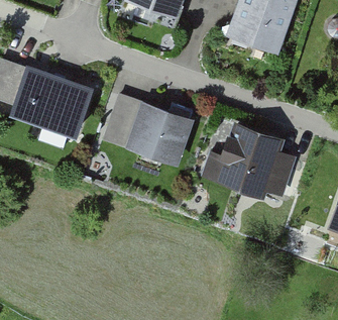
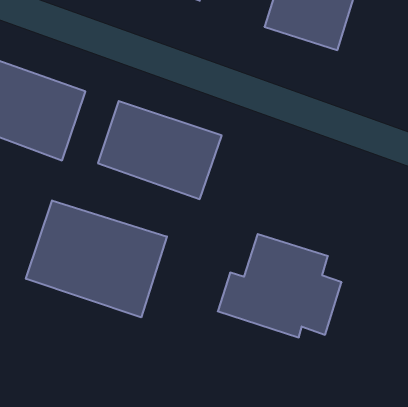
building: [202,122,293,198] -> [218,234,342,337]
building: none -> [26,200,167,317]

